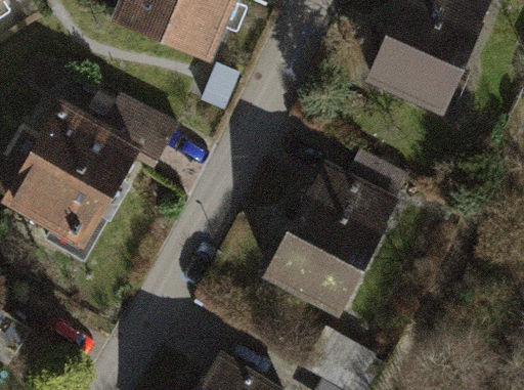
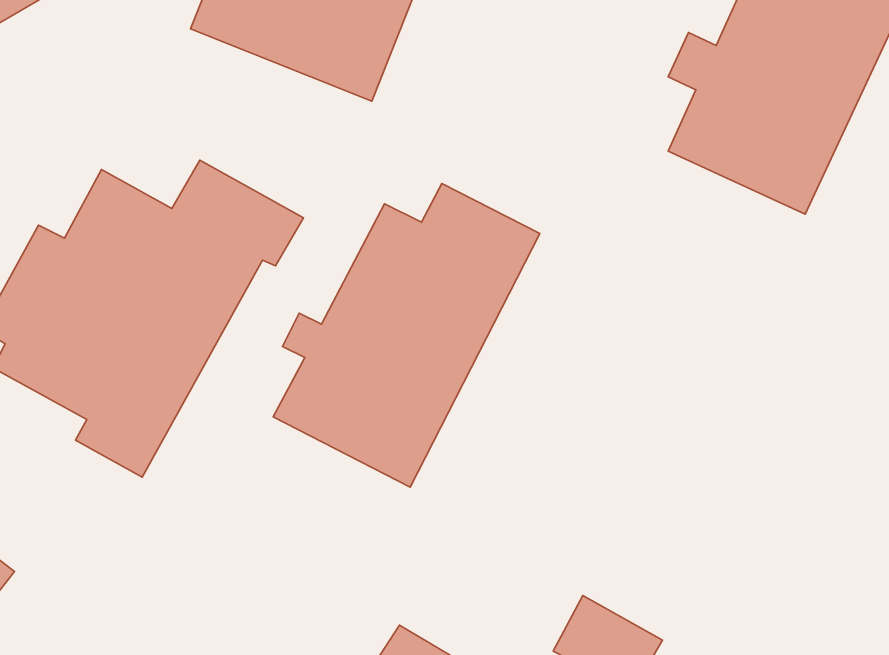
building: [261,143,408,311] -> [273,183,540,487]

